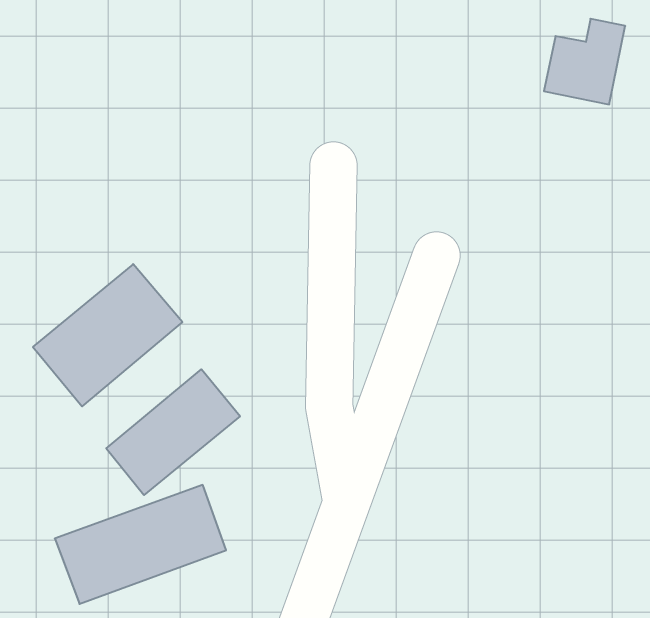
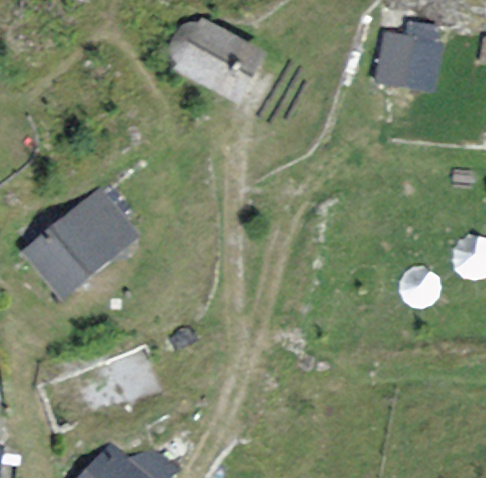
building: none -> [174,23,264,104]
building: [106,369,240,495] -> none

